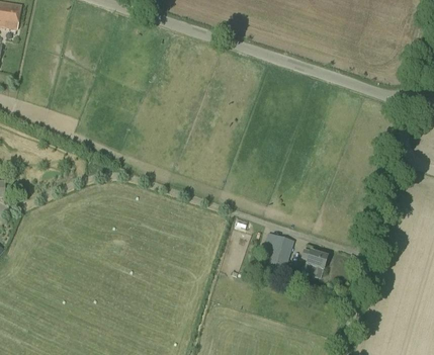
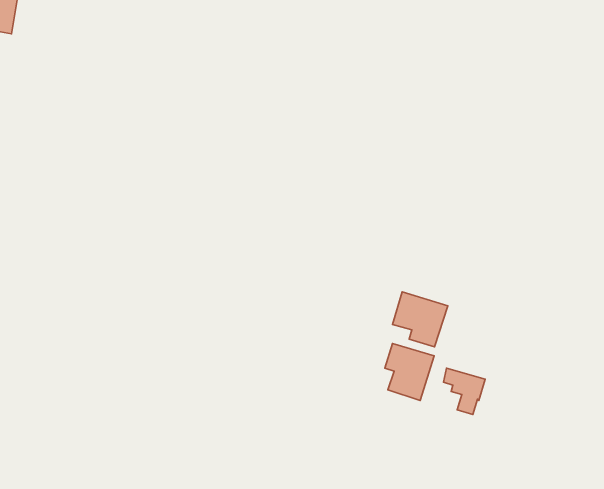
building: none -> [393,292,448,347]

